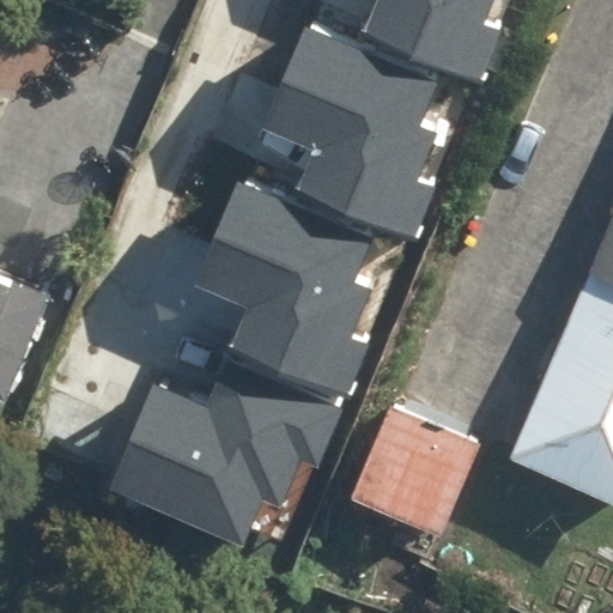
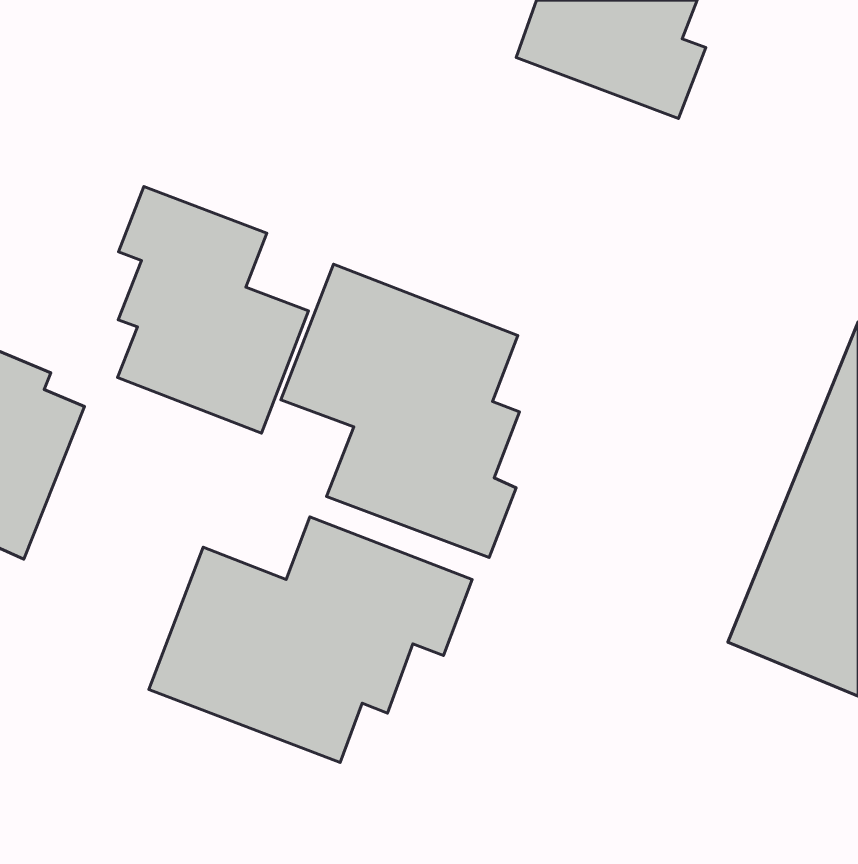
building: [267,31,435,239] -> none
building: none -> [118,186,309,433]
building: [348,407,484,539] -> none

